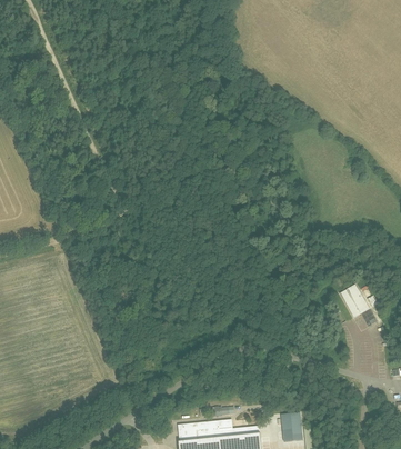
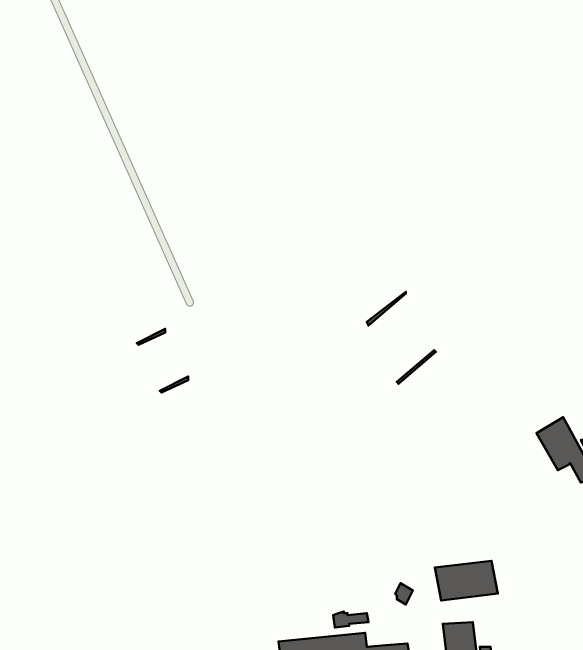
building: none -> [435,561,498,600]

